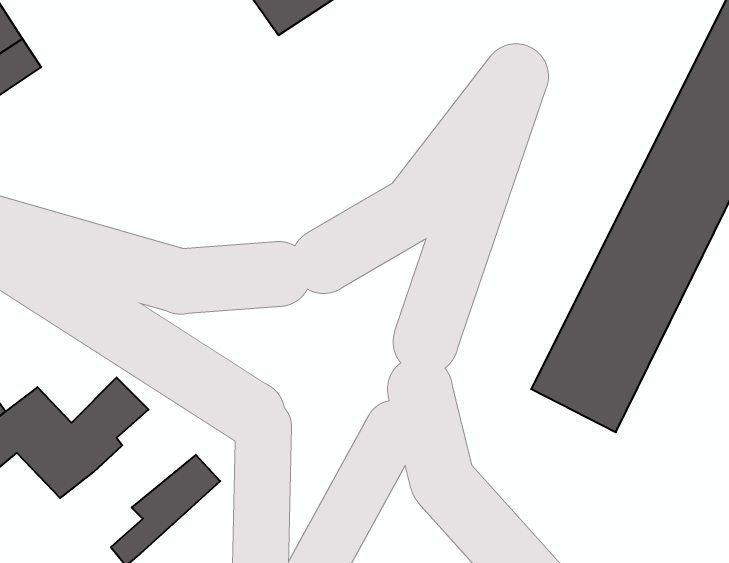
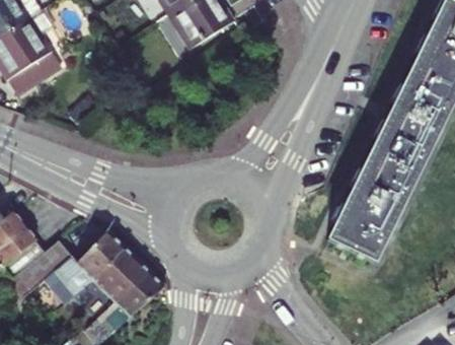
building: none -> [92,251,147,303]

